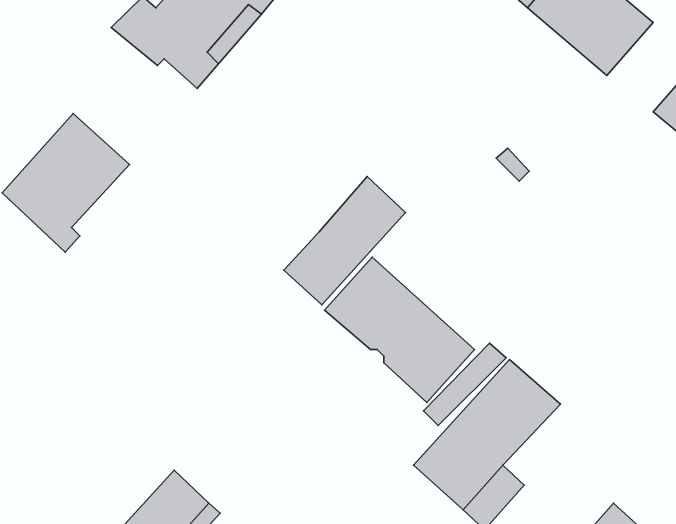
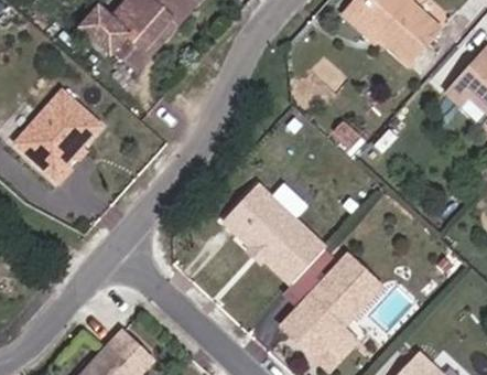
building: [284,176,405,305] -> none

